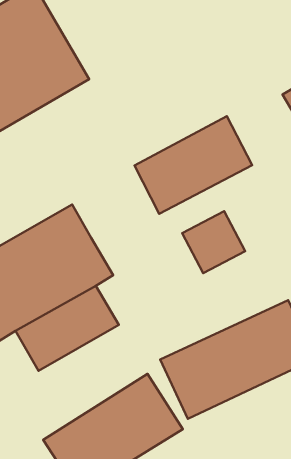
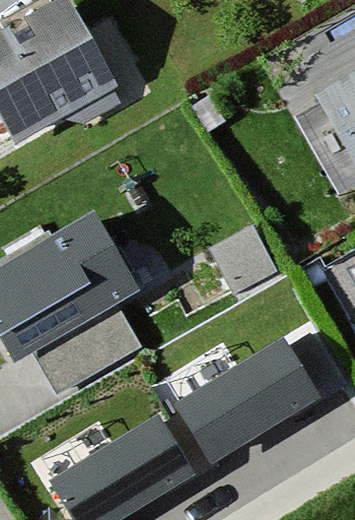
building: [135,116,252,214] -> none

